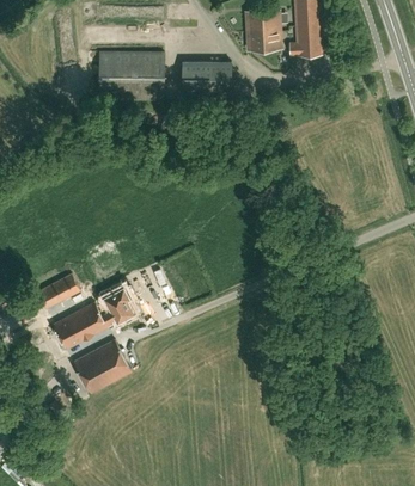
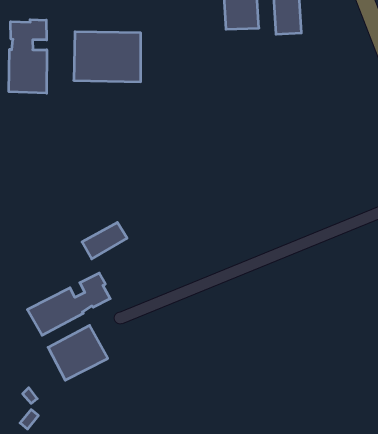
building: none -> [9,20,47,93]
building: [182,62,231,100] -> none
building: [36,273,80,309] -> [82,222,127,259]

